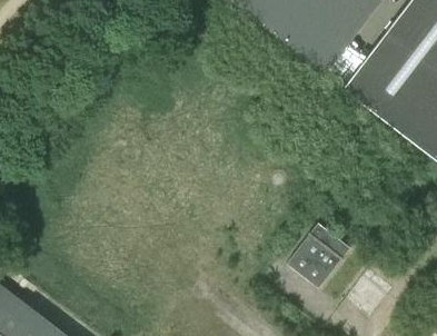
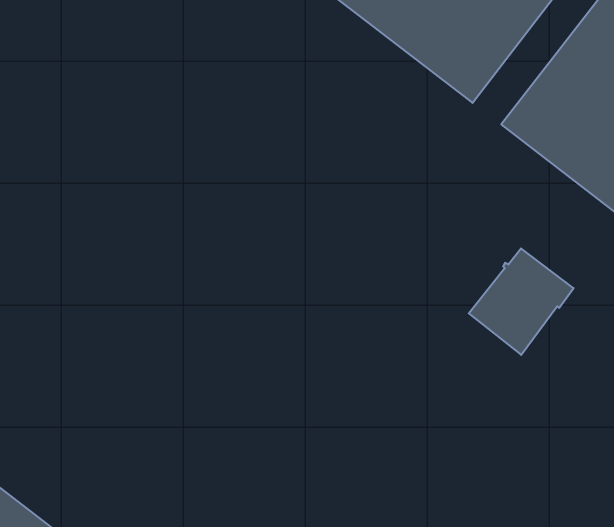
building: [284,225,348,290] -> [469,248,574,355]

